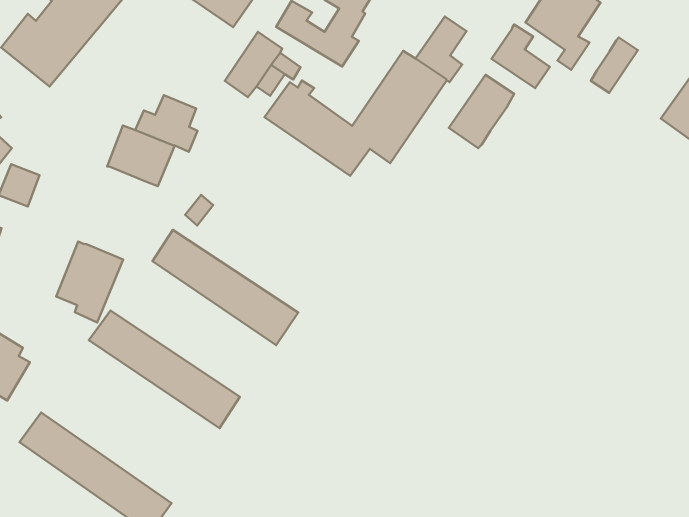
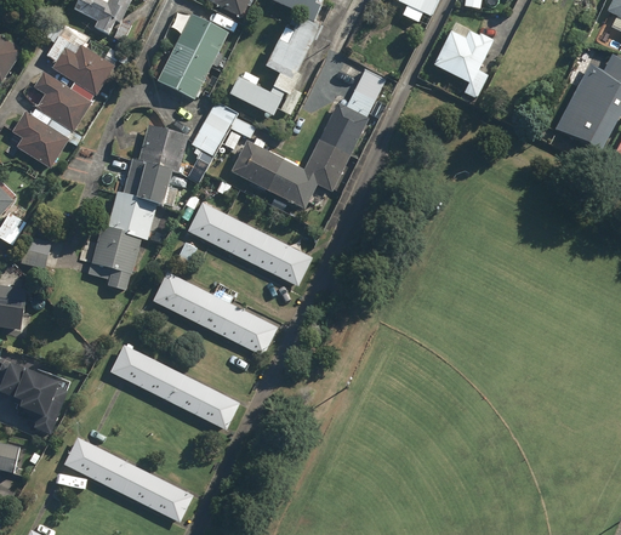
building: [491,25,550,88] -> none
building: [591,37,638,93] -> none
building: none -> [137,125,188,171]
building: [449,75,514,148] -> none
building: none -> [187,203,312,285]
building: [56,242,123,323] -> [89,226,139,290]

